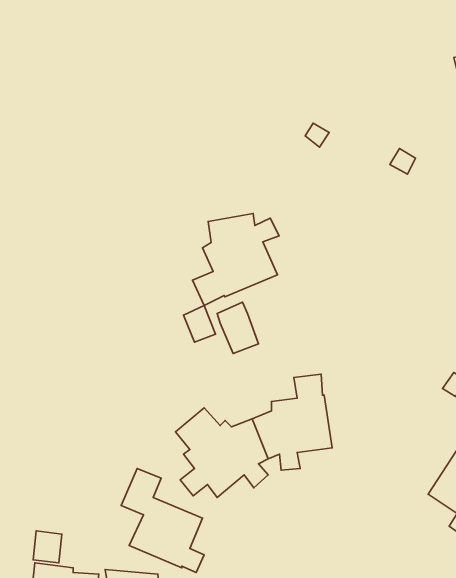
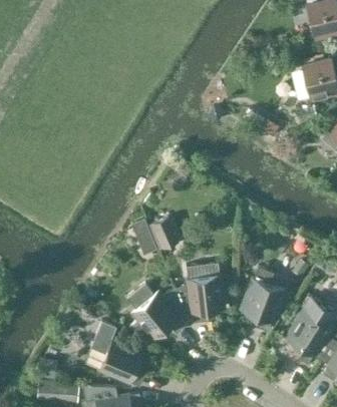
building: [193,213,279,305] -> none
building: none -> [240,268,284,332]

